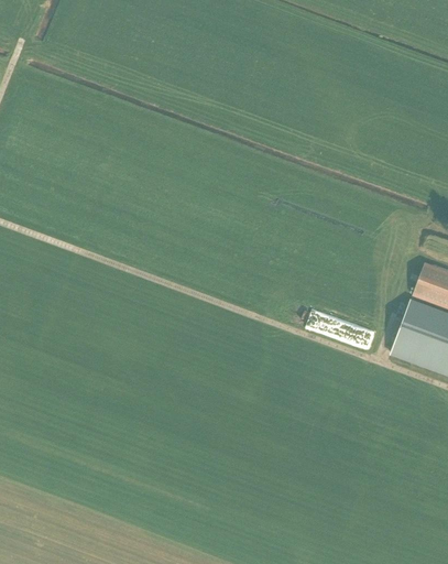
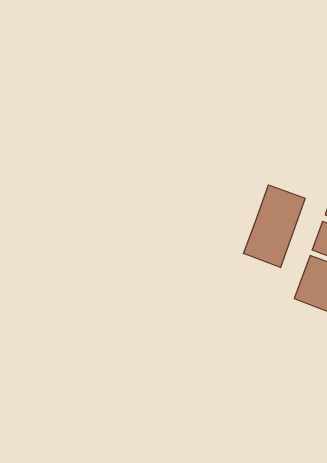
building: none -> [243,185,305,268]

